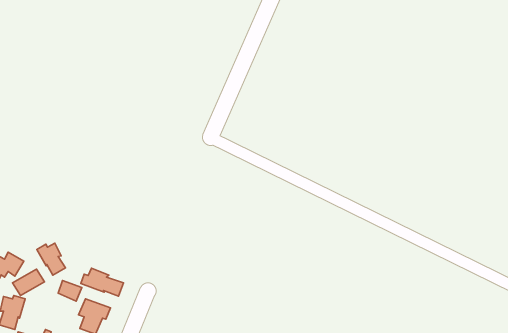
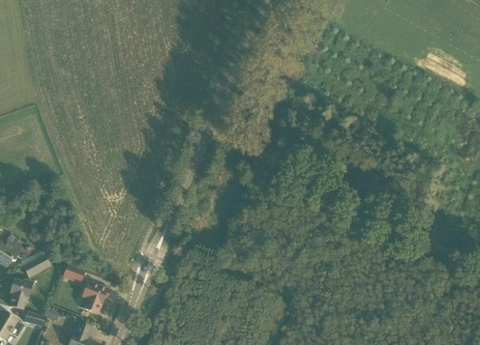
building: [37,243,65,275] -> none
building: [81,268,123,296] -> none

